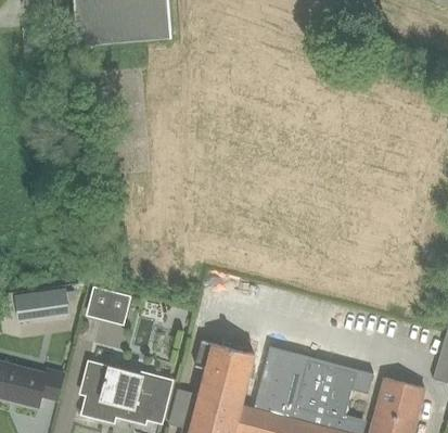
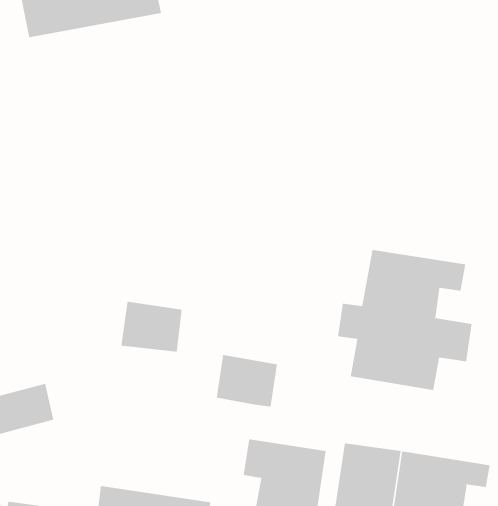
building: none -> [338,249,472,391]
building: none -> [216,354,278,408]
building: [86,285,131,324] -> [121,301,183,352]

